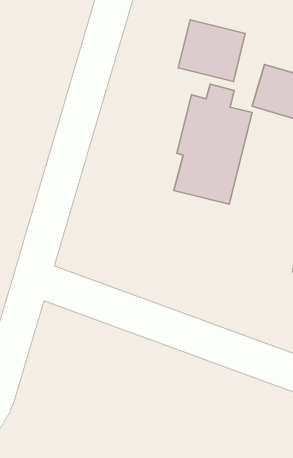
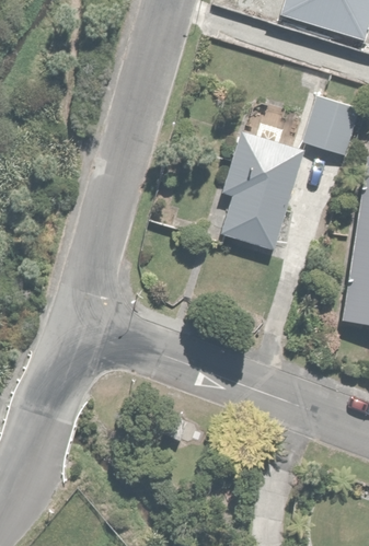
building: [178,20,245,82] -> none

